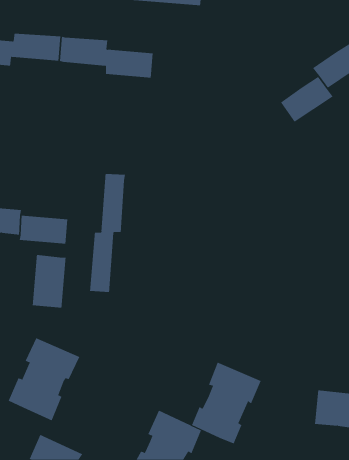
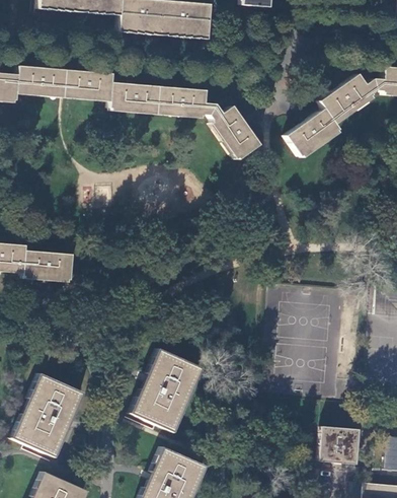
building: none -> [156,86,259,159]
building: [89,173,125,293] -> none
building: [32,254,66,308] -> none
building: [191,362,261,444] -> [132,349,203,432]

